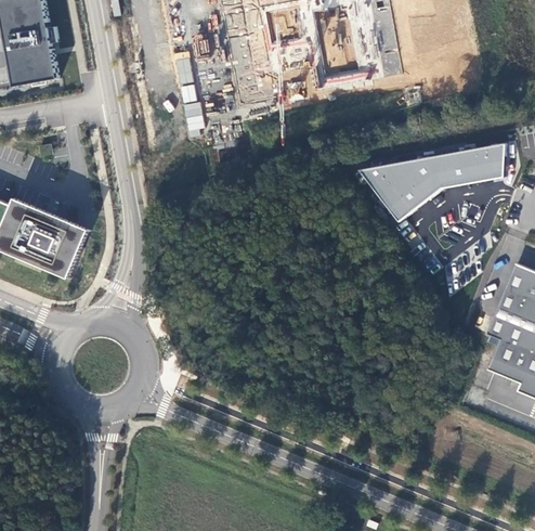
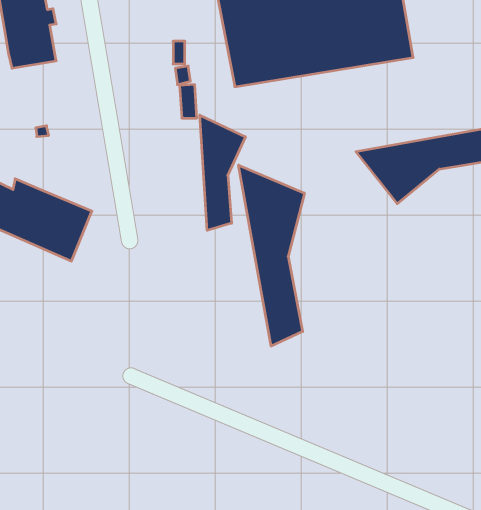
building: none -> [200,115,245,230]
building: none -> [239,165,304,346]

